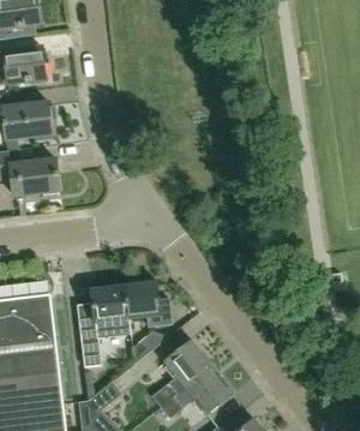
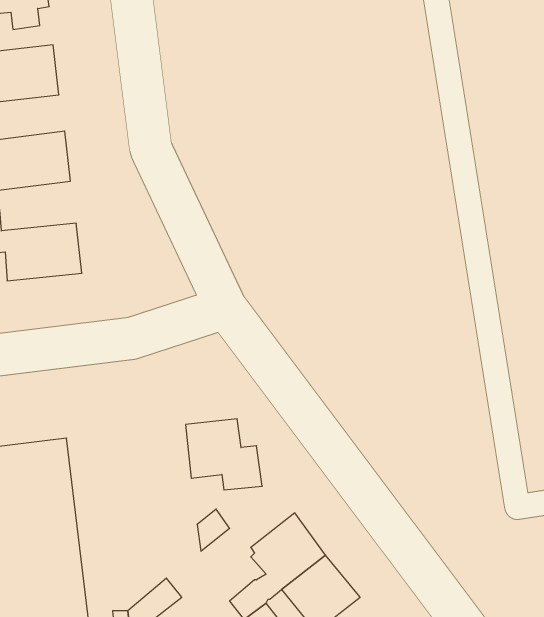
building: [77,285,130,366] -> none

